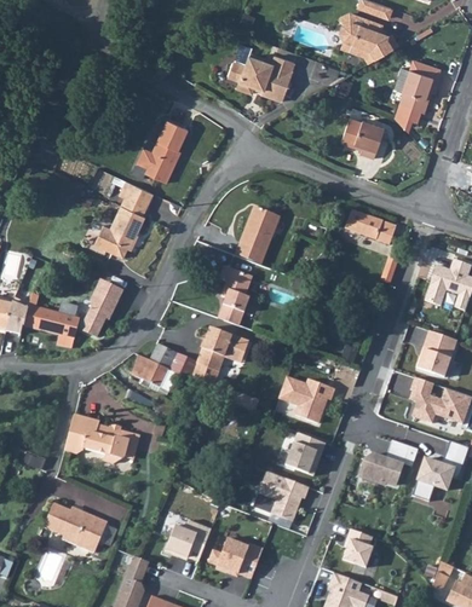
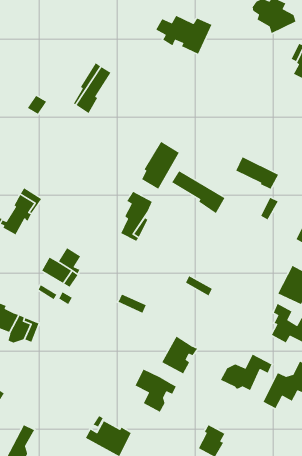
building: [338,118,382,160] -> none
building: [92,181,151,258] -> none
building: none -> [171,170,226,214]
building: [192,328,249,391] -> none
building: [277,375,329,422] -> none
building: [165,522,211,563] -> none

